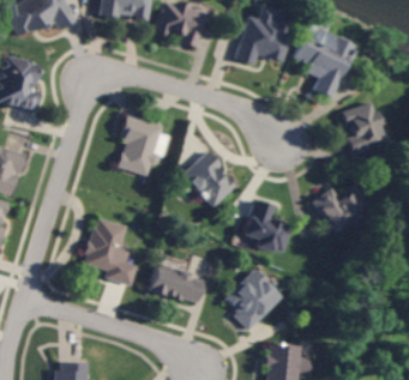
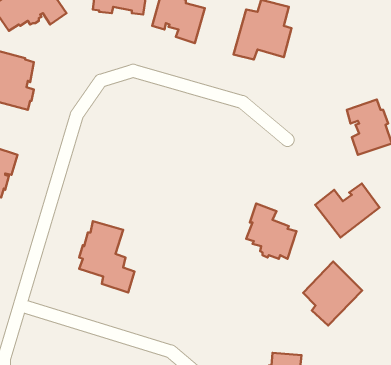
building: [294,31,353,96] -> none
building: [119,115,163,175] -> none
building: [184,150,236,206] -> none
building: [151,263,205,302] -> none
building: [227,269,283,330] -> [303,262,362,326]

